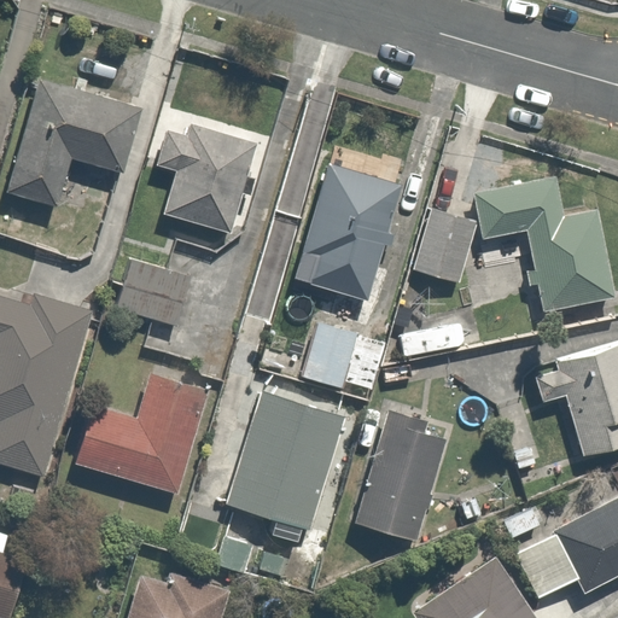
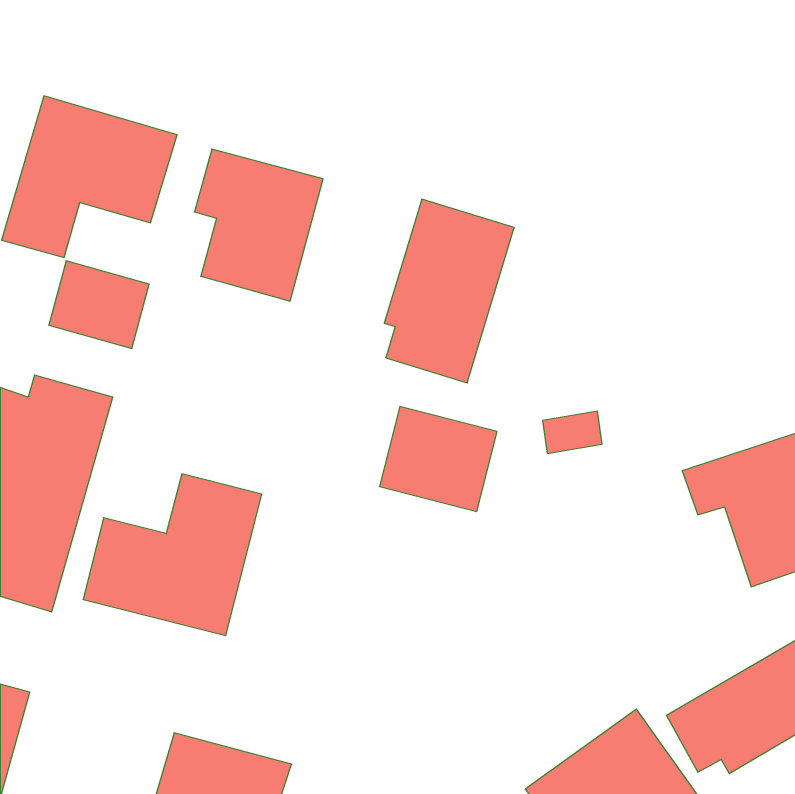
building: [477,182,610,315] -> none
building: [418,209,472,282] -> none
building: [117,261,194,328] -> [49,261,149,349]
building: [225,391,349,534] -> none
building: [352,413,445,540] -> none

